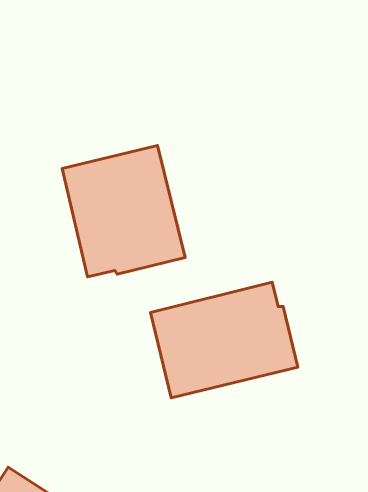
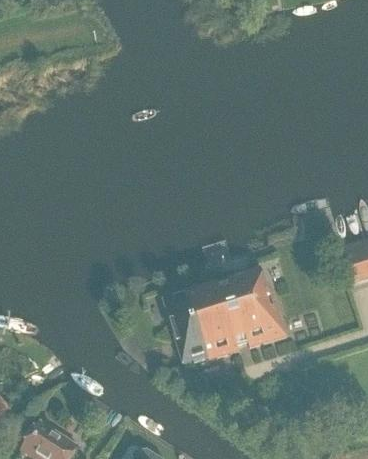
building: [62,145,185,277] -> none

